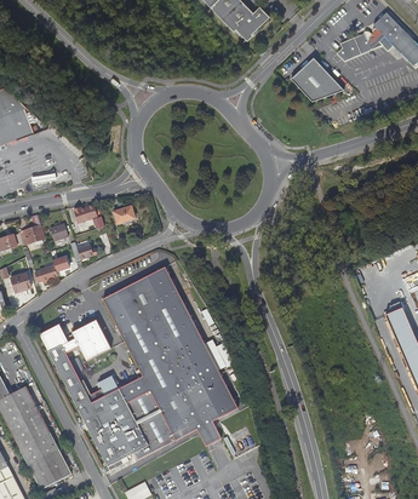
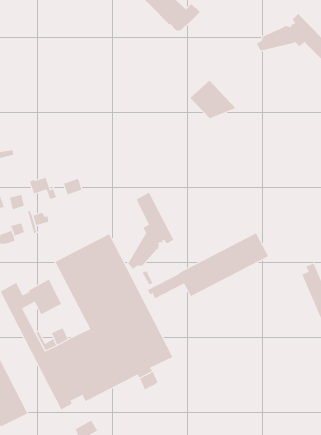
building: [290,58,343,103] -> [190,80,236,119]
building: none -> [128,192,174,270]
building: none -> [147,233,269,299]

